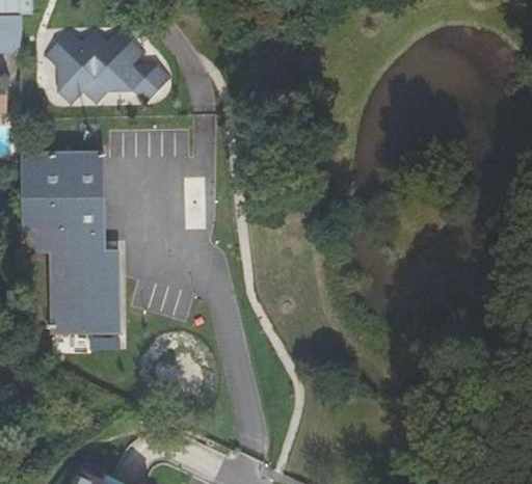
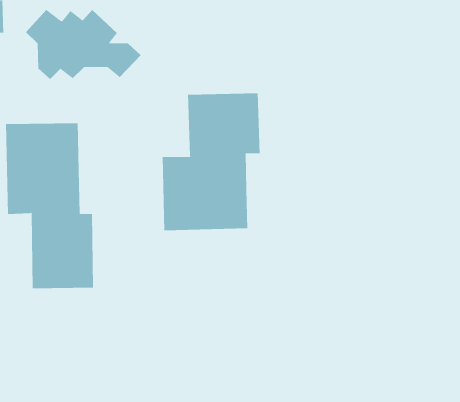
building: none -> [162,93,260,231]

